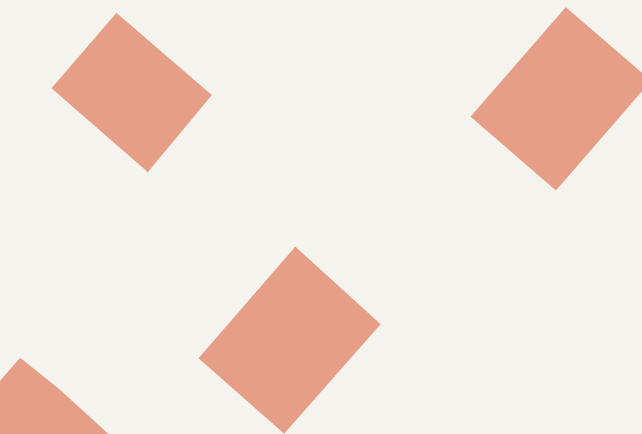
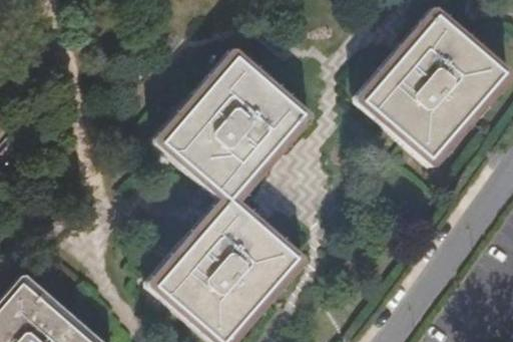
building: [50,12,213,174] -> none
building: none -> [163,53,304,199]

